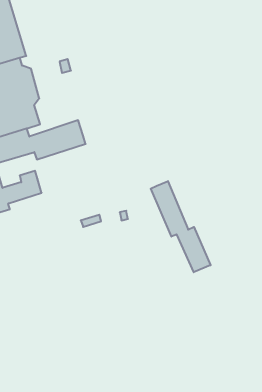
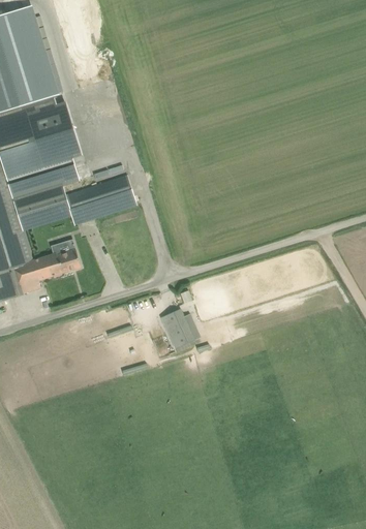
building: [151,181,211,272] -> none
building: none -> [159,309,192,348]

